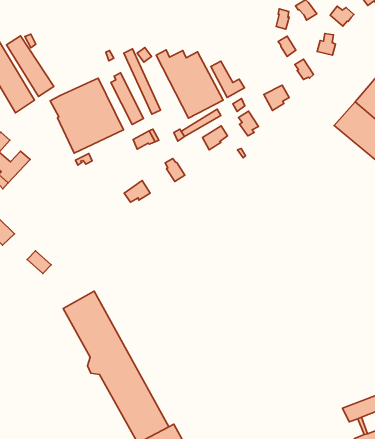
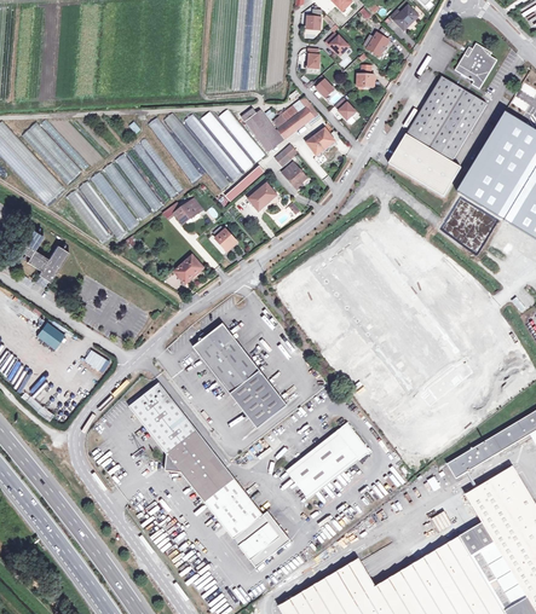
building: none -> [272,97,317,139]
building: none -> [192,325,287,428]
building: none -> [287,423,371,499]

